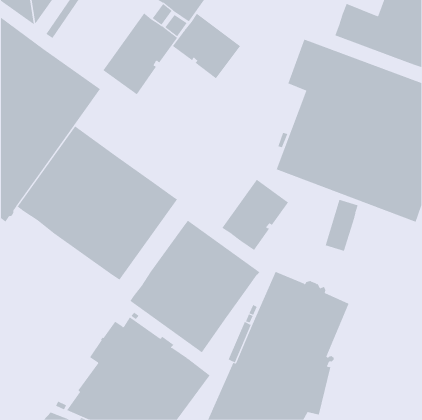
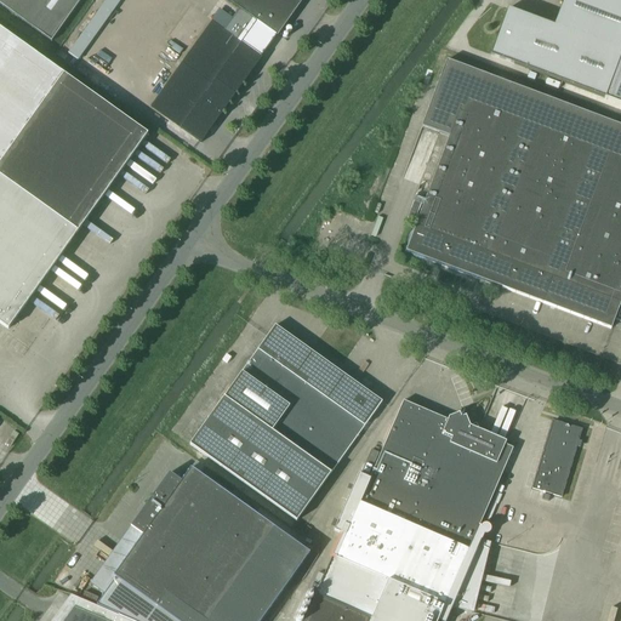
building: [172,13,241,79] -> none
building: [17,125,178,280] -> none
building: [222,179,289,251] -> none
building: [325,199,359,251] -> [532,417,582,494]

